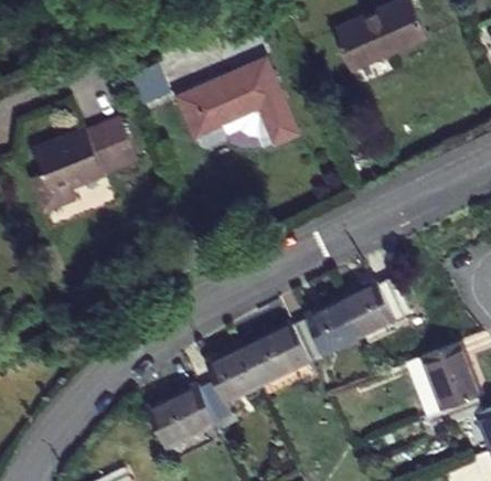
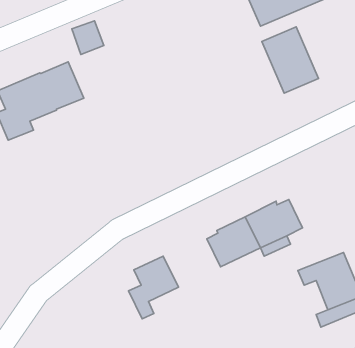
building: [183,61,301,149] -> none
building: none -> [262,27,318,93]
building: [235,329,305,387] -> none
building: [140,388,210,450] -> none

